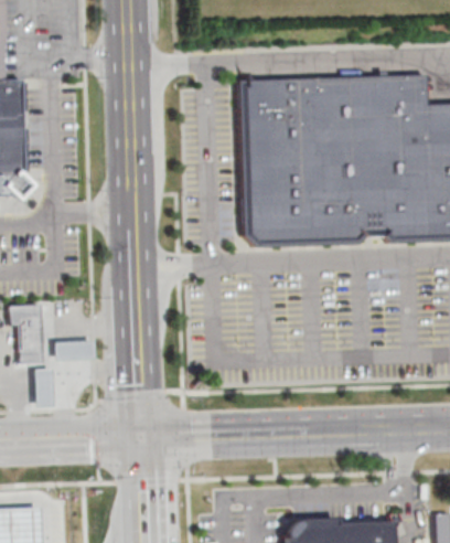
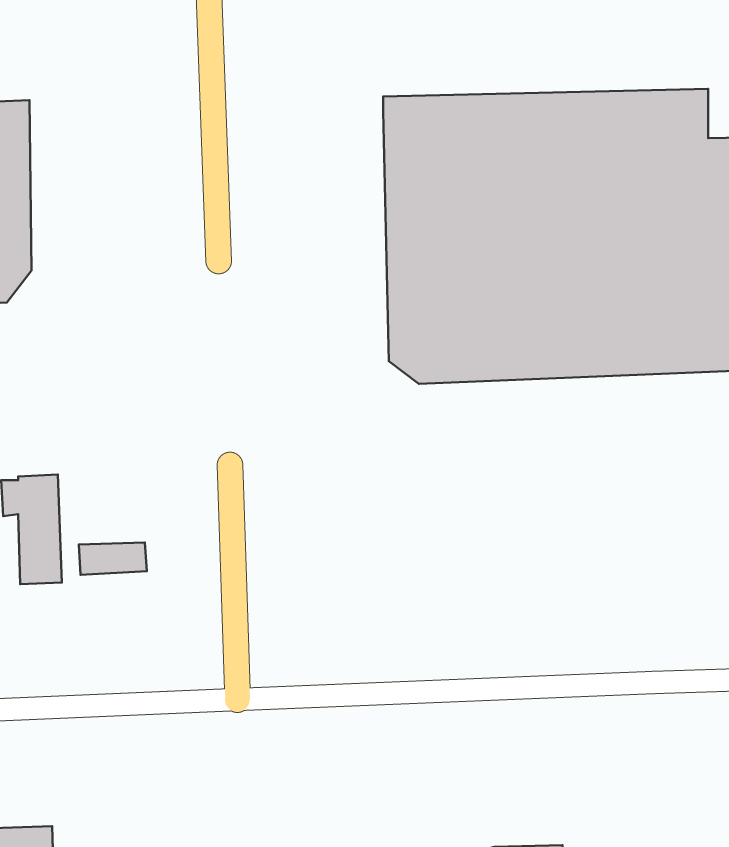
building: [34,368,54,406] -> none

